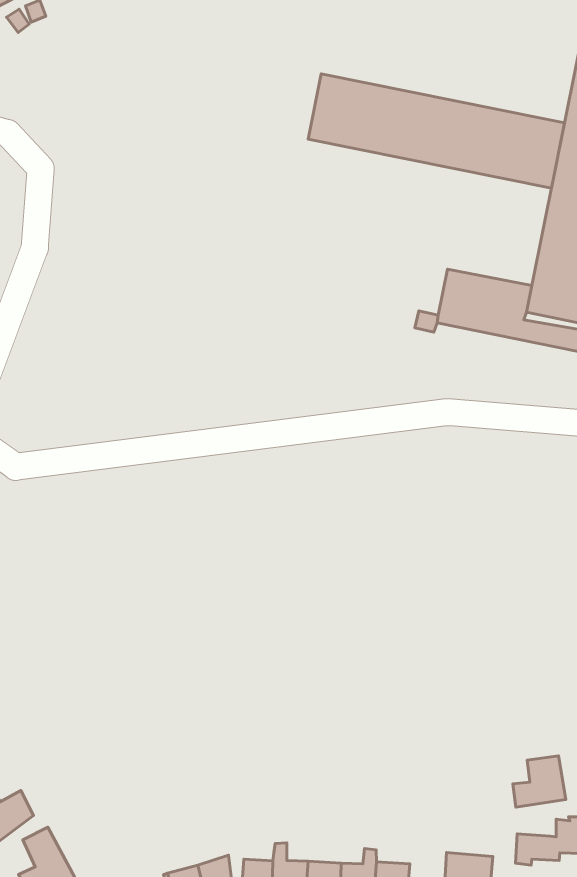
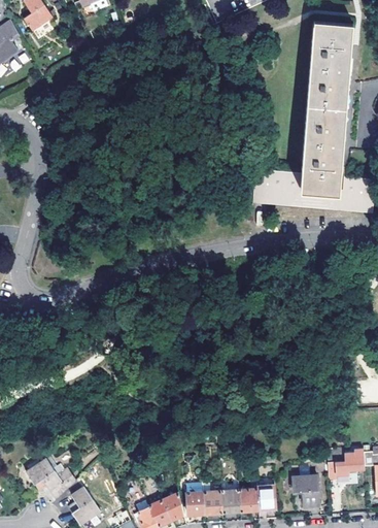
building: [308,74,564,188] -> none
building: [513,756,566,807] -> none

